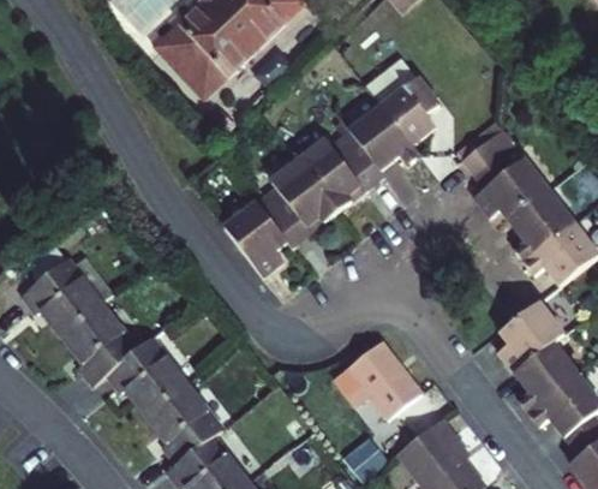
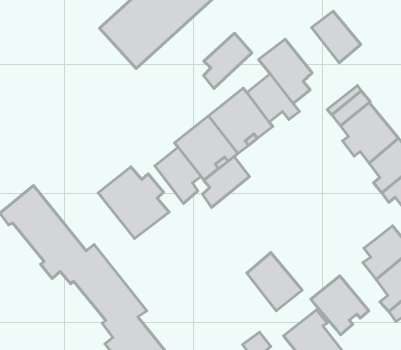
building: none -> [312,11,361,63]
building: none -> [204,33,252,88]
building: none -> [202,157,250,207]
building: none -> [98,167,169,239]
building: none -> [311,276,369,335]

